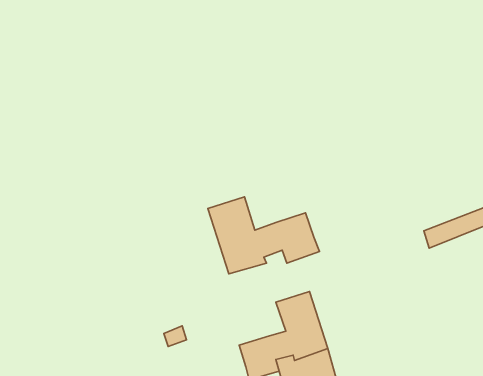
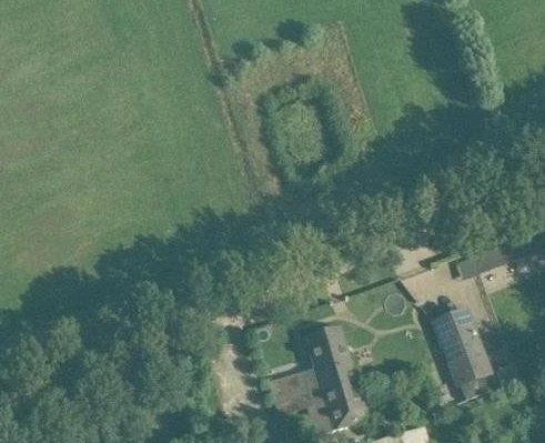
building: [208,197,319,274] -> none
building: none -> [430,309,495,401]

